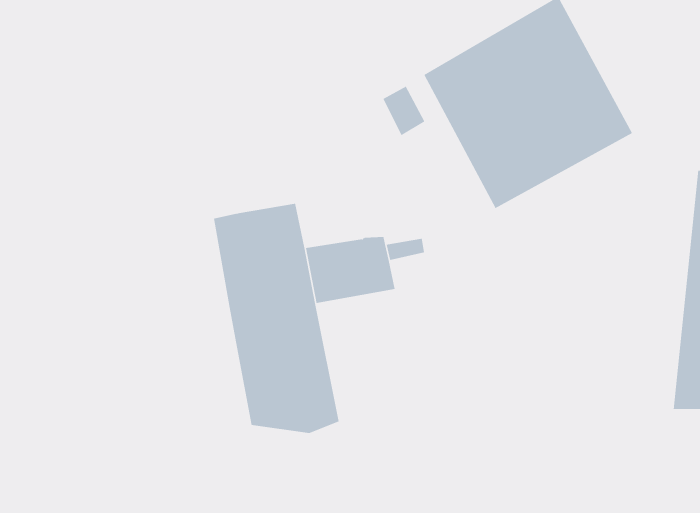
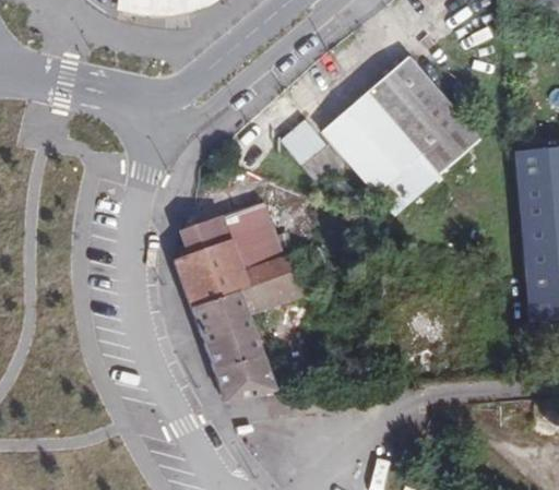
building: none -> [188,190,286,260]

